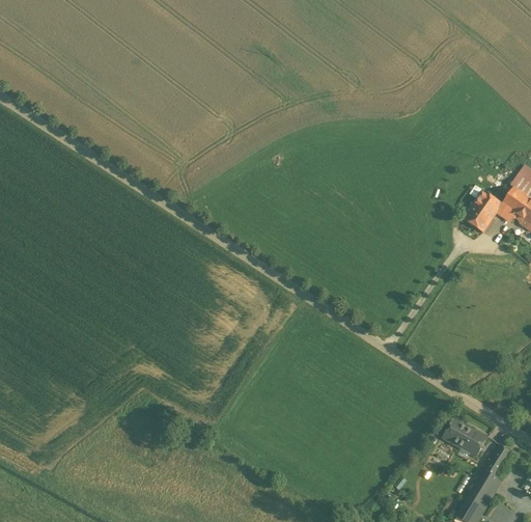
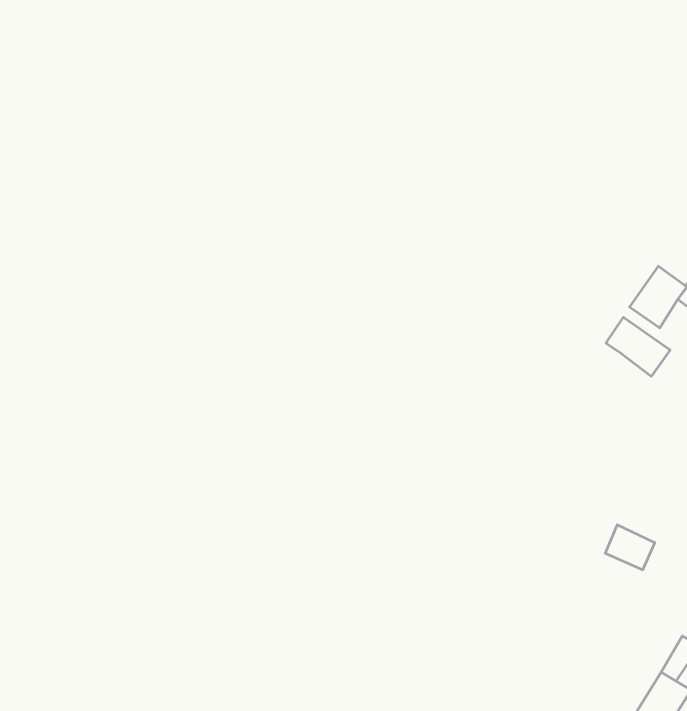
building: none -> [606,317,670,376]
building: [449,421,483,452] -> [605,525,655,570]

